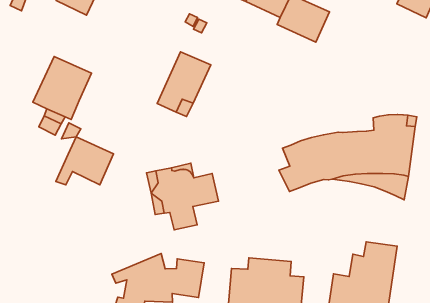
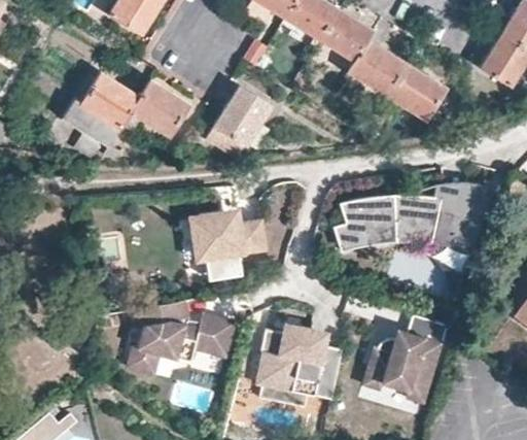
building: none -> [388,65,447,120]
building: [56,137,114,185] -> [122,79,189,135]

